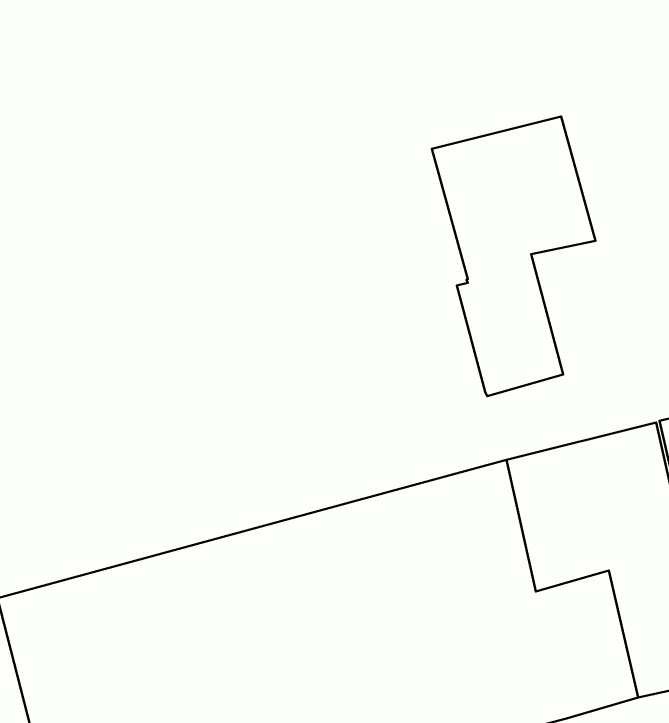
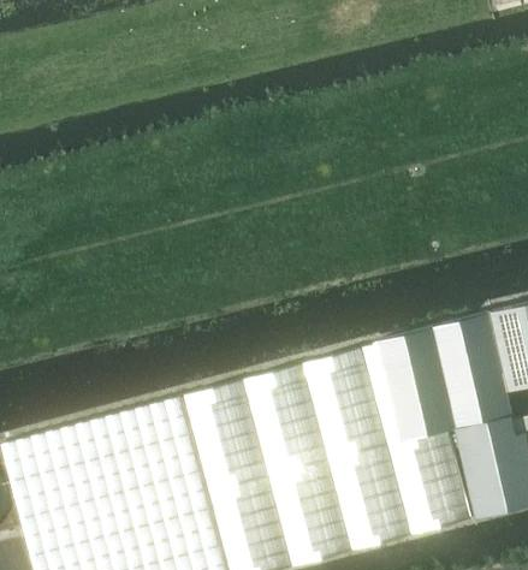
building: [432,116,596,396] -> none

